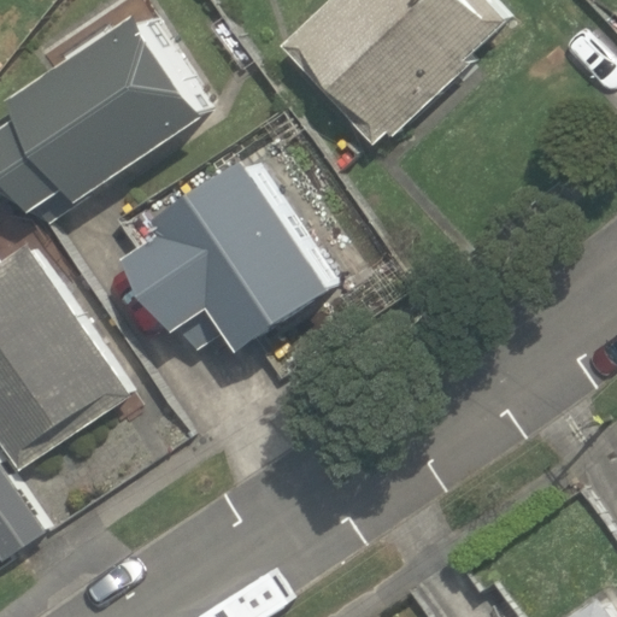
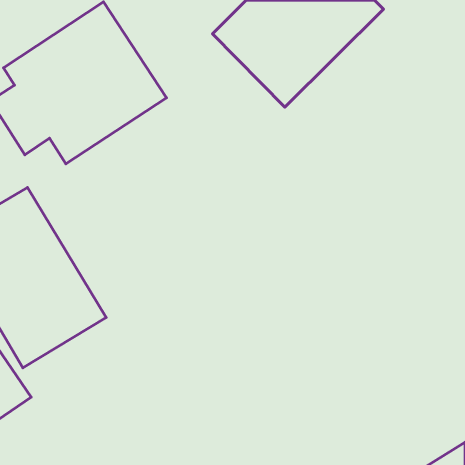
building: [106,143,327,349] -> none

